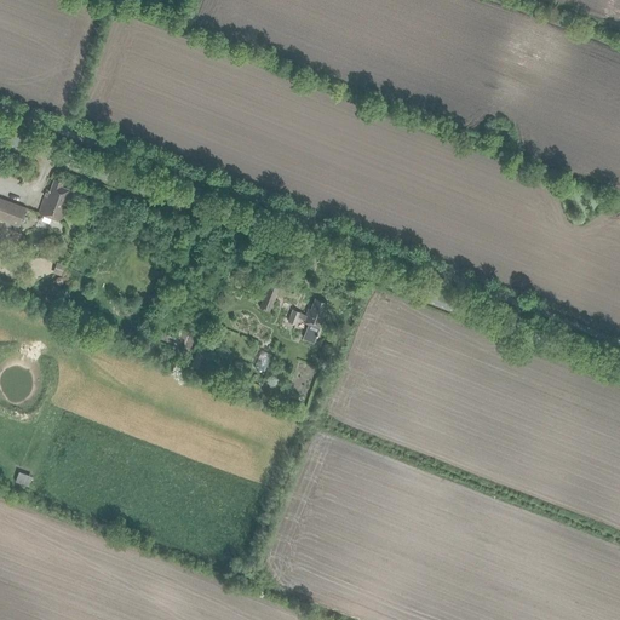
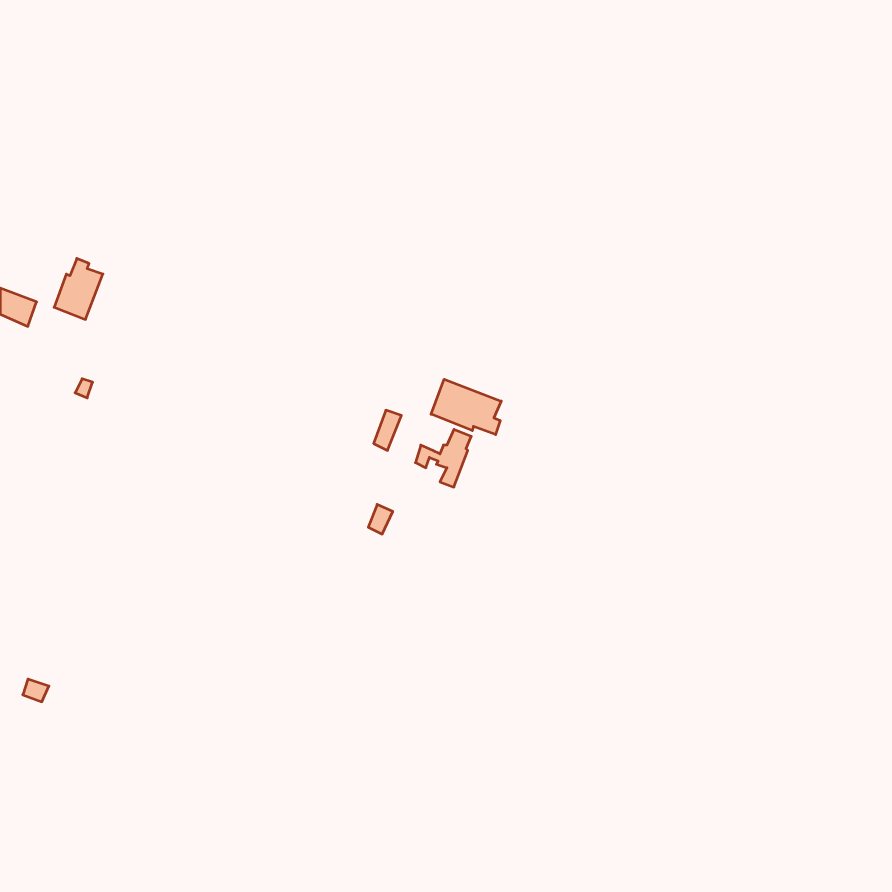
building: none -> [431,379,501,435]

